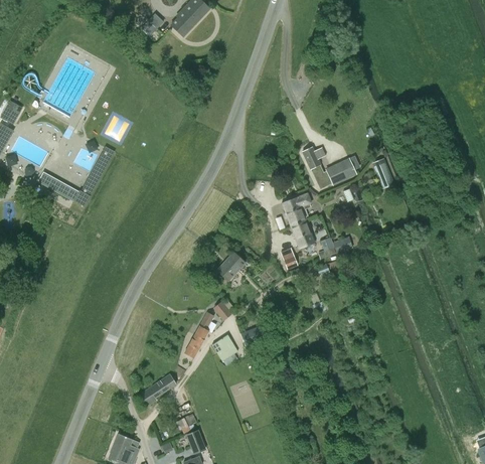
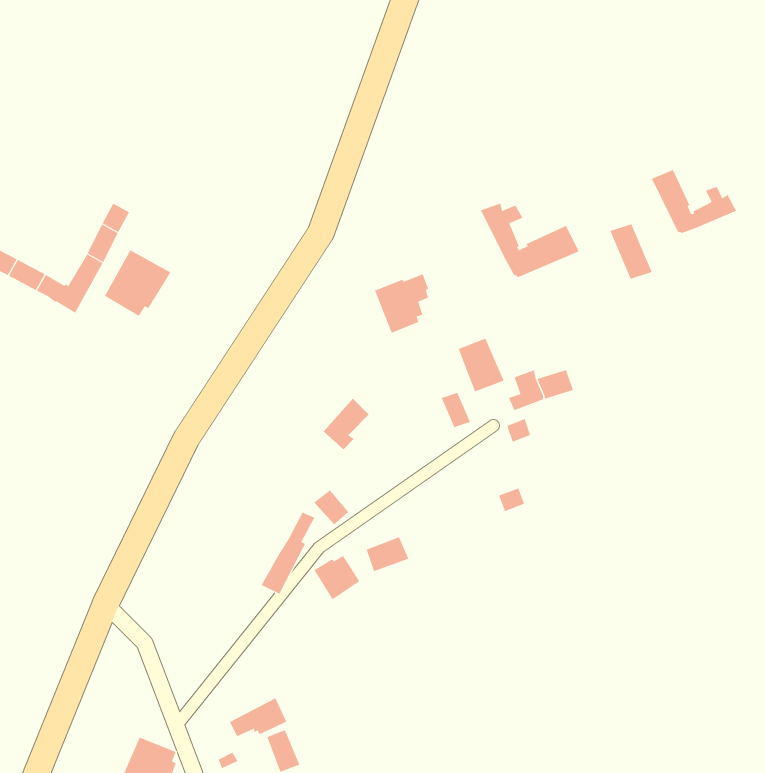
building: none -> [651,169,737,234]
building: none -> [104,249,171,317]
building: [281,193,310,225] -> [374,274,429,334]
building: [139,374,175,407] -> none

